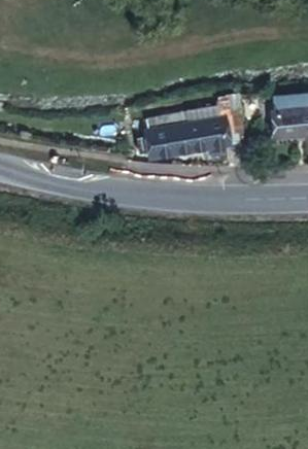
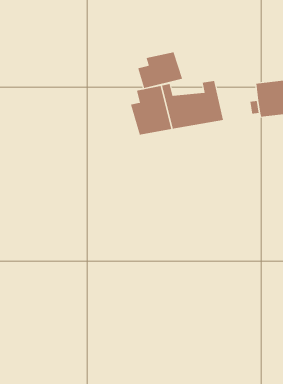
building: none -> [137,52,183,89]

